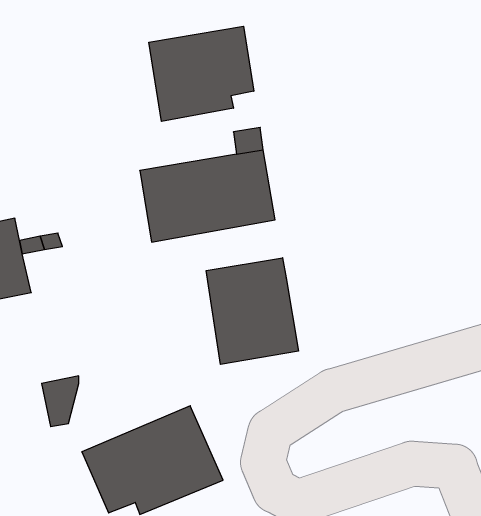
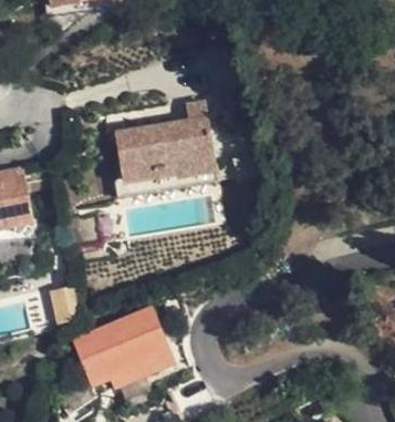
building: [149,26,254,121] -> none
building: [206,258,298,364] -> none

